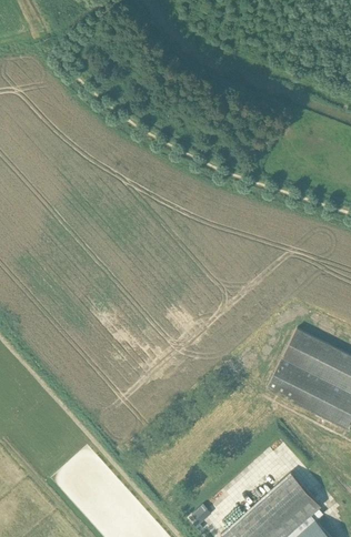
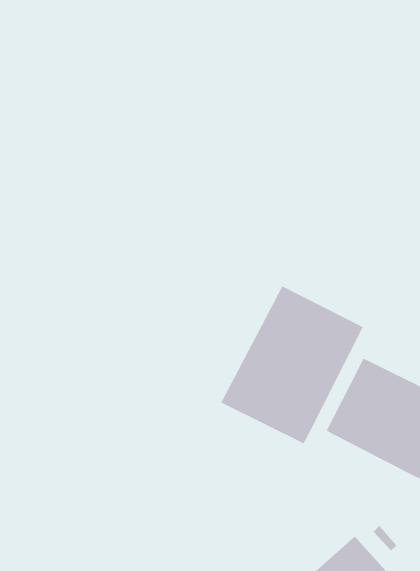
building: none -> [221,285,363,444]

